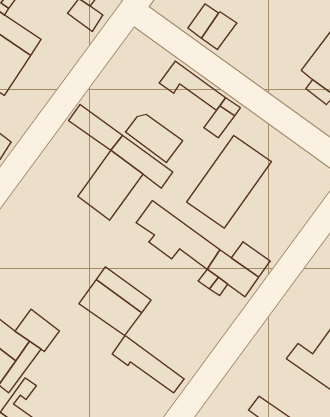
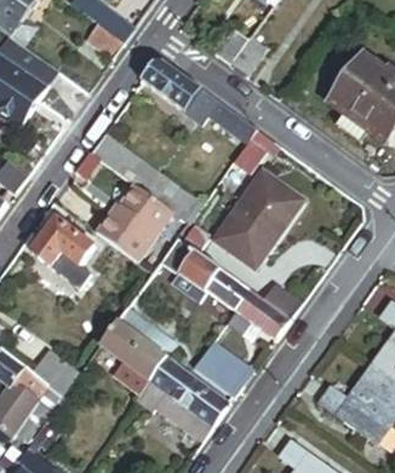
building: [125,115,183,163] -> [139,62,200,113]
building: none -> [28,219,91,289]
building: none -> [191,340,252,397]
building: none -> [147,356,228,426]

